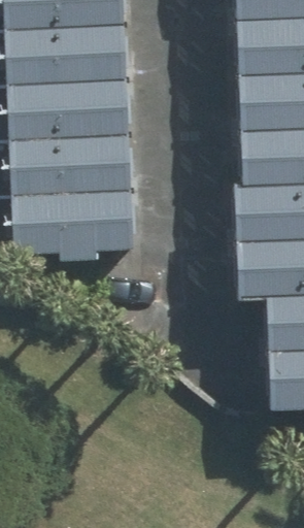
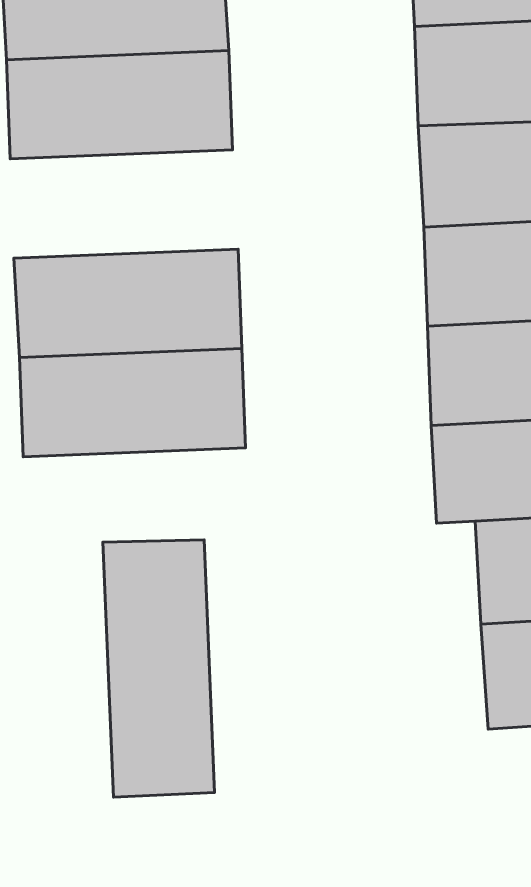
building: [6,86,134,146] -> none
building: none -> [103,540,214,797]

